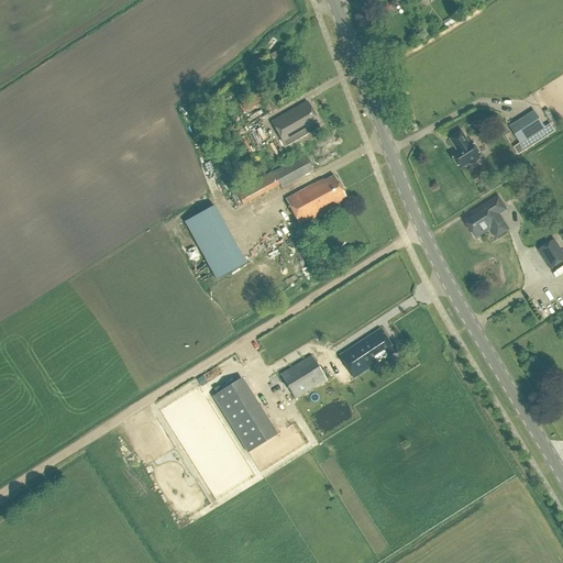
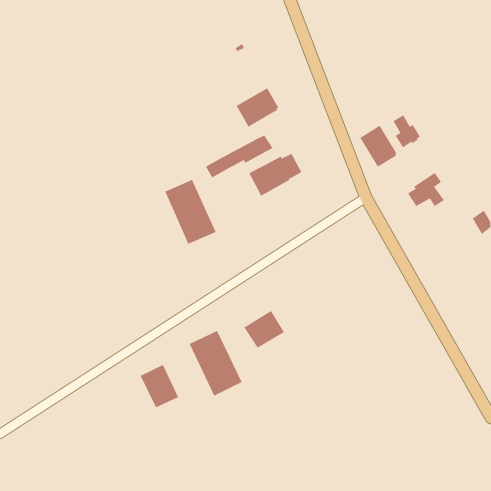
building: [508,109,544,143] -> none
building: none -> [359,125,397,168]
building: [338,328,393,377] -> none
building: none -> [140,364,179,408]

